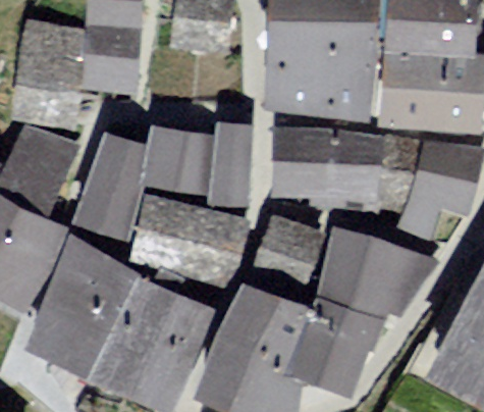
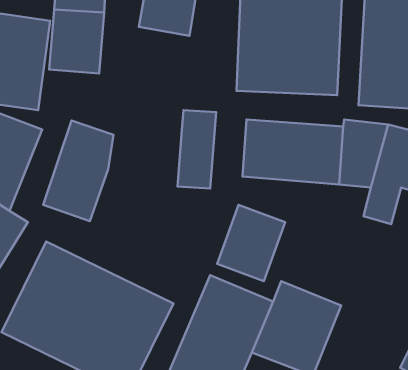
building: [142,124,216,193] -> none
building: [129,198,239,284] -> none
building: [315,230,434,324] -> none

